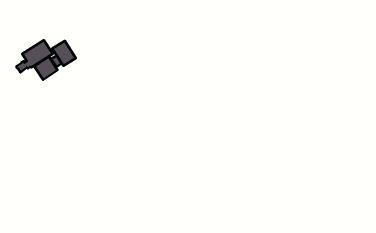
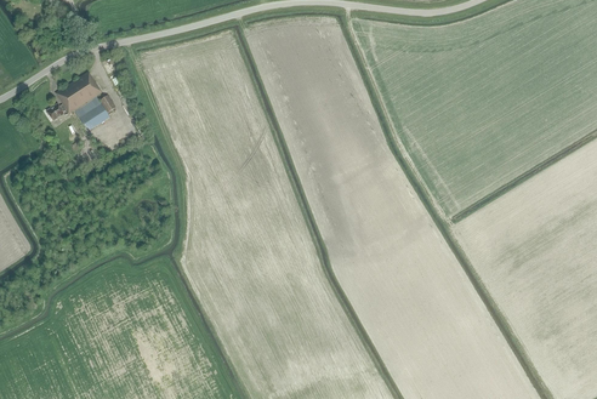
building: [52,41,76,66] -> none

